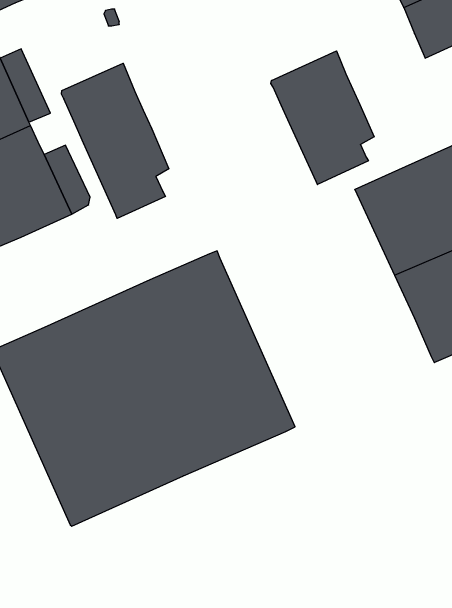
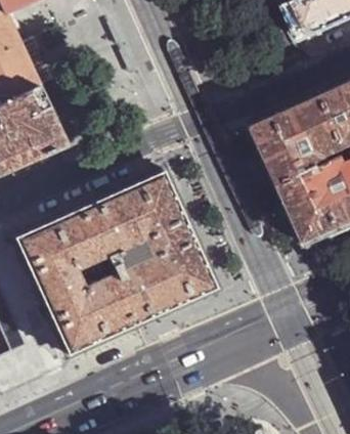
building: [271,51,374,185] -> none
building: [61,63,169,218] -> none

